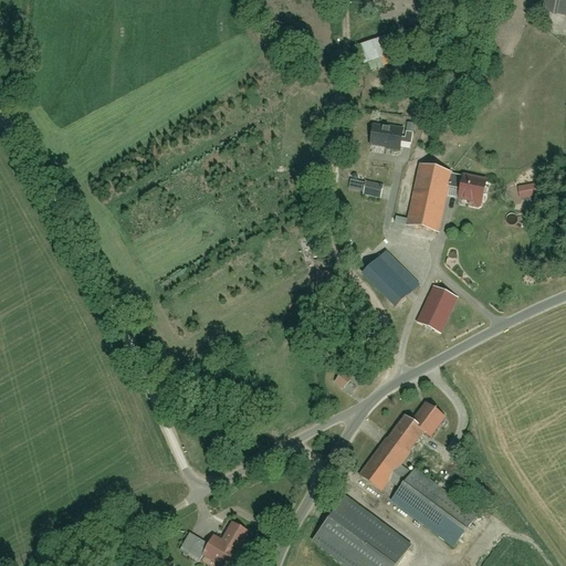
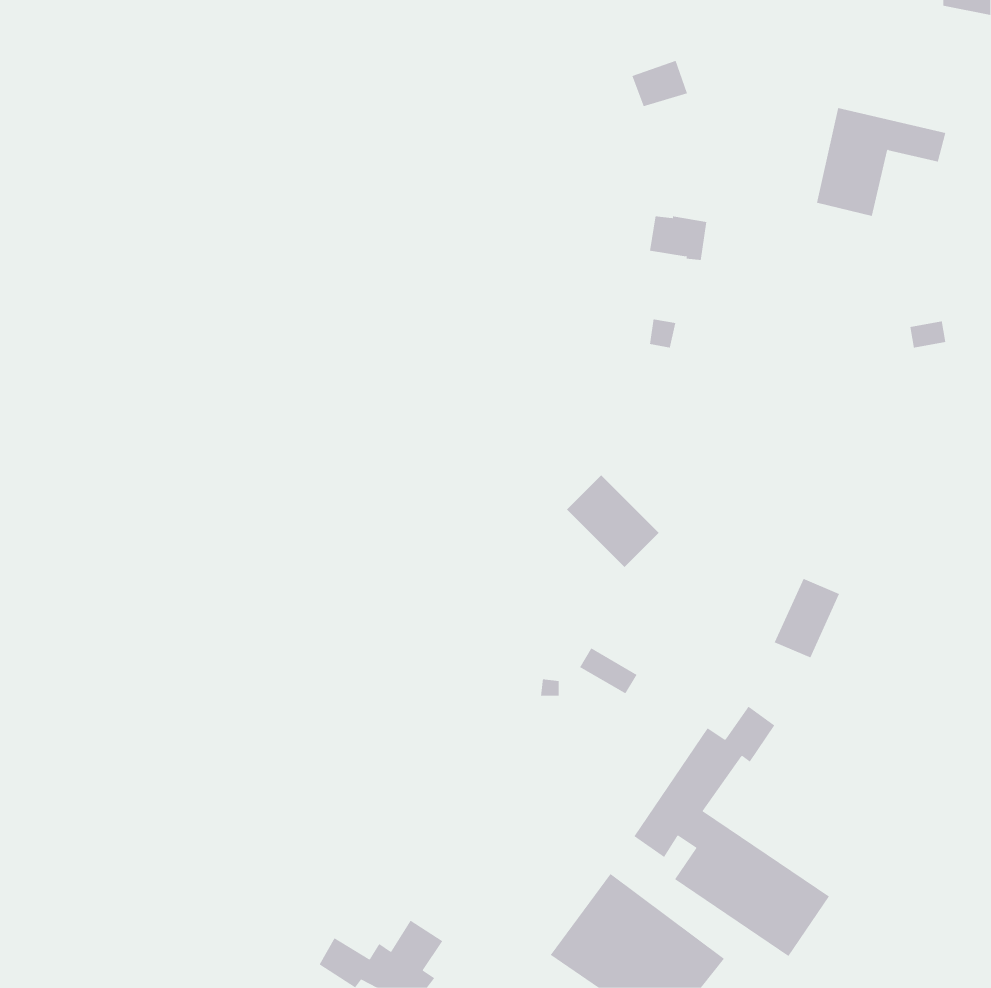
building: [407,166,481,228] -> [816,108,946,216]
building: [363,251,416,304] -> [566,475,659,568]
building: [417,289,454,334] -> [774,578,840,658]

